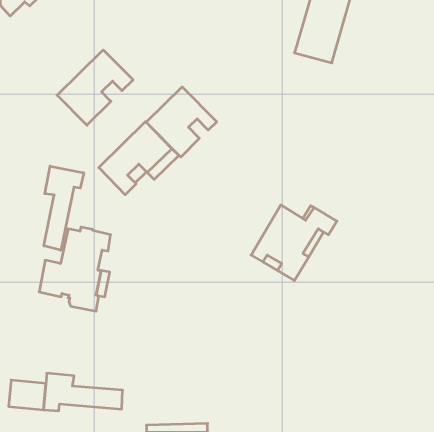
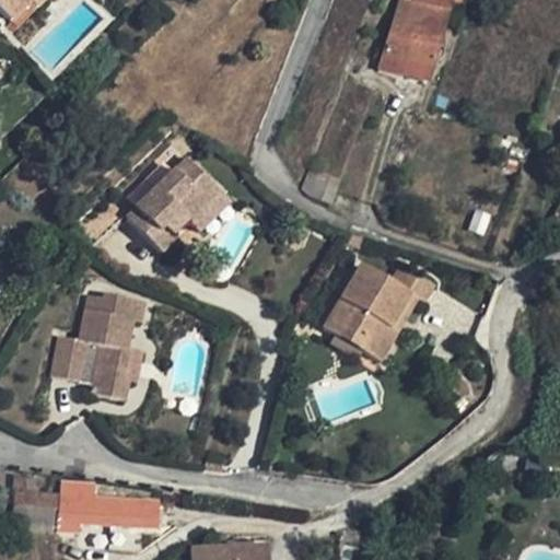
building: [57,50,133,125] -> none
building: [146,87,217,157] -> none
building: [44,166,84,250] -> none

